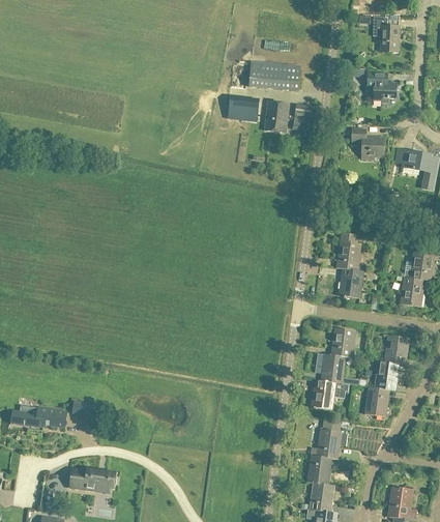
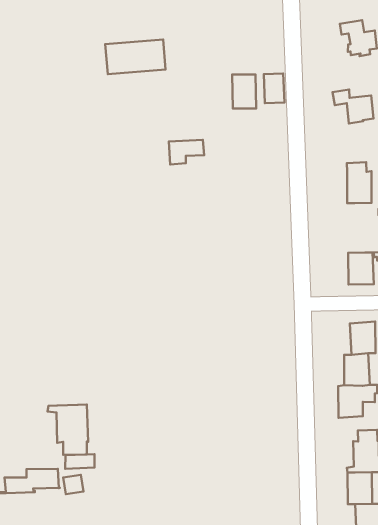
building: [248,60,300,90] -> [105,39,166,74]
building: [228,95,259,116] -> [169,140,204,165]
building: [335,232,360,269] -> [347,162,372,203]
building: none -> [48,404,88,455]

